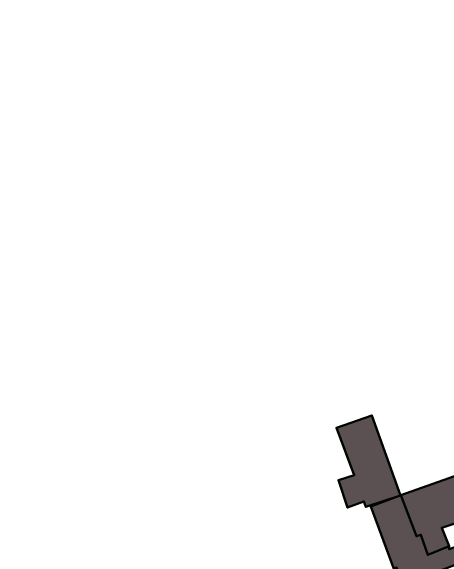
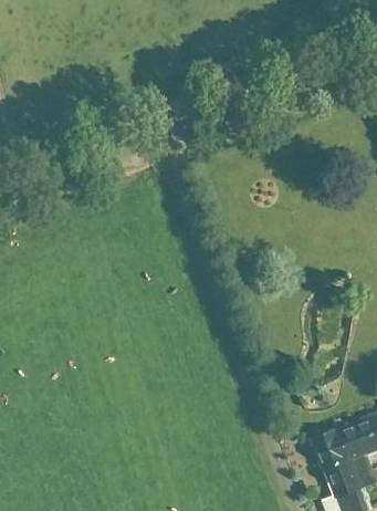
building: [336,415,400,508] -> none

